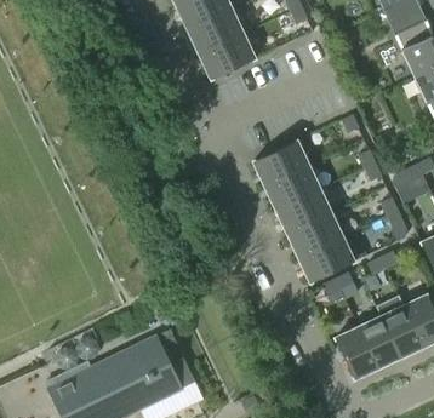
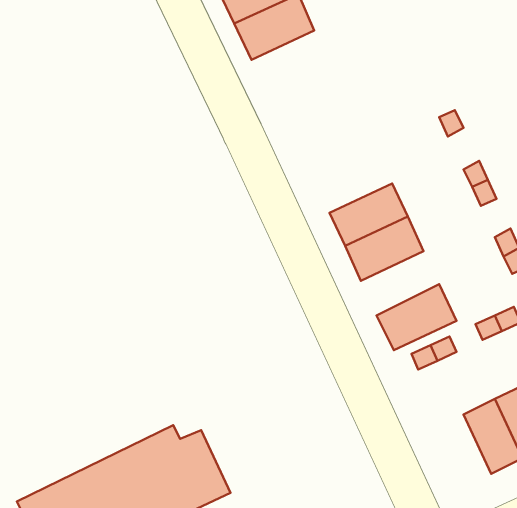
building: [253,139,309,185] -> none
building: [287,212,342,257] -> none
building: [335,326,378,378] -> none

